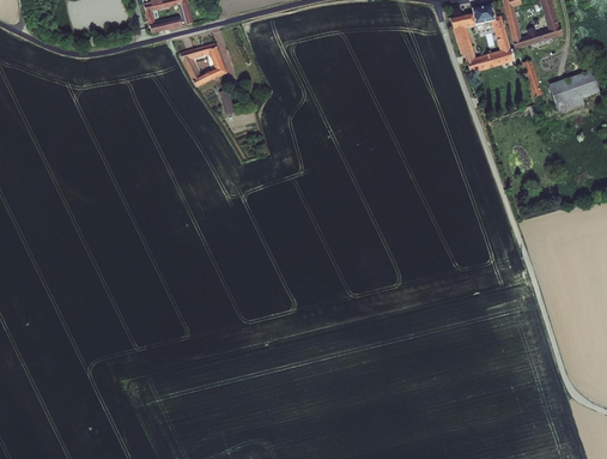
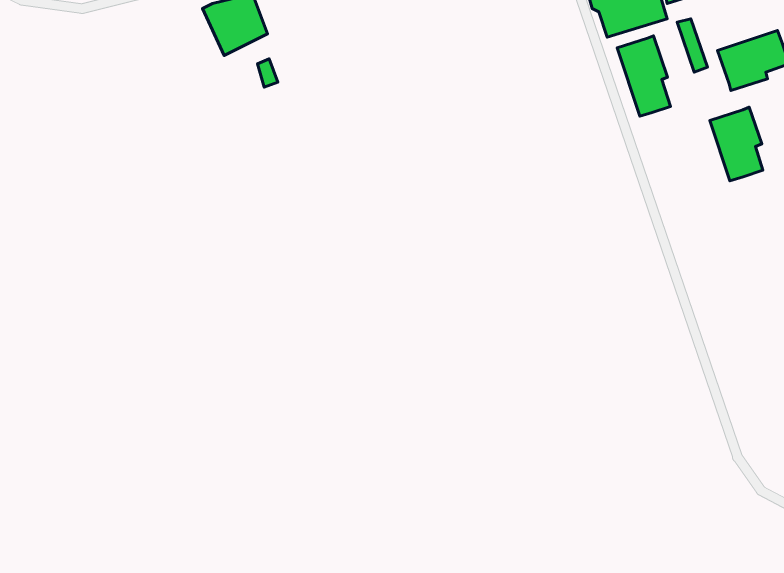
building: none -> [617,36,670,116]
building: none -> [710,107,763,181]

